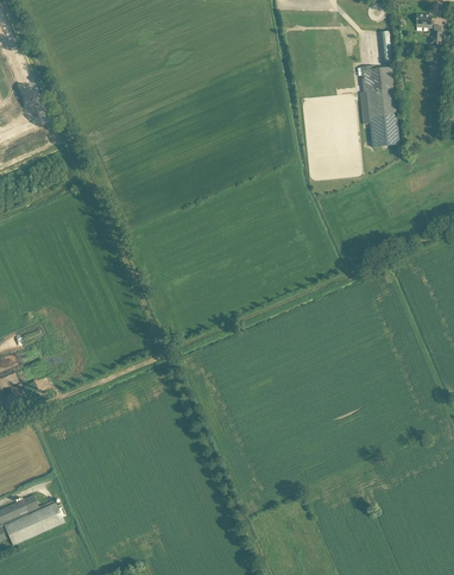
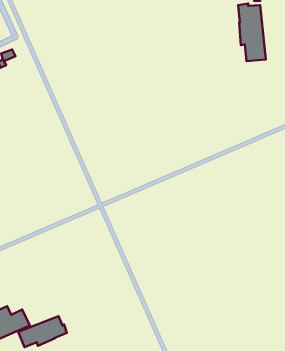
building: none -> [18,316,67,347]

